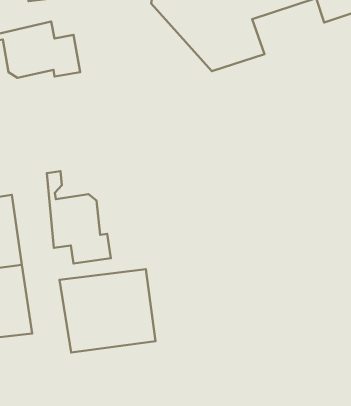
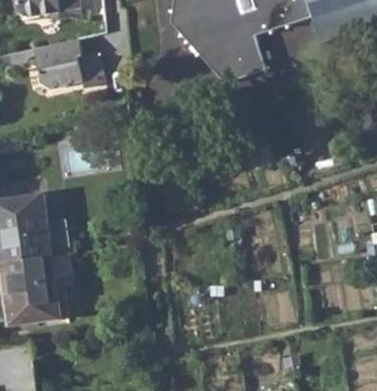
building: [47,171,111,264] -> none
building: [60,269,156,353] -> none

